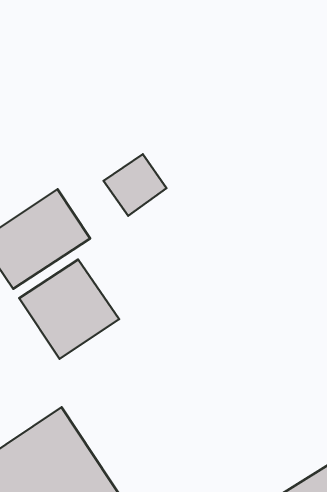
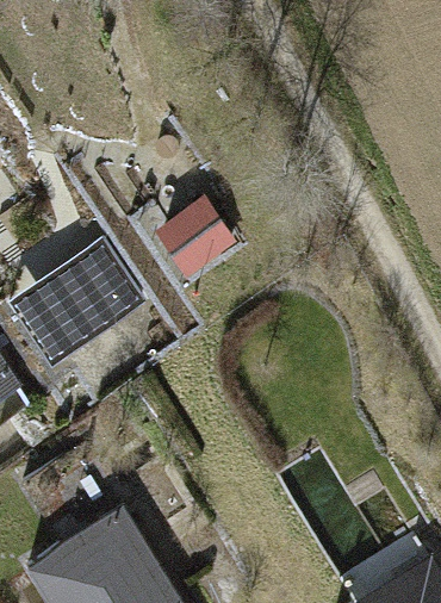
building: [19,260,119,359] -> none

